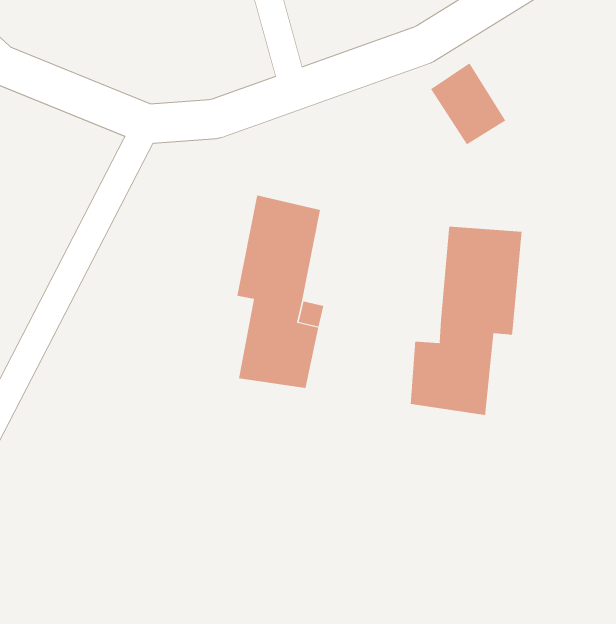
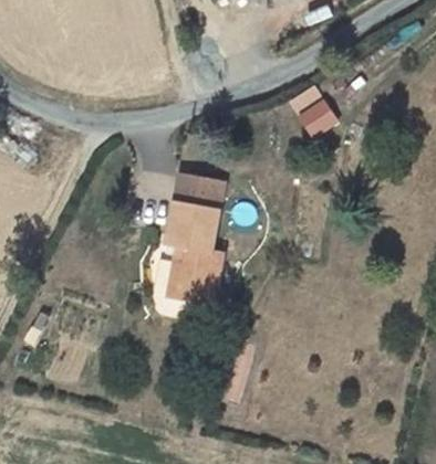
building: [410,226,522,416] -> none

